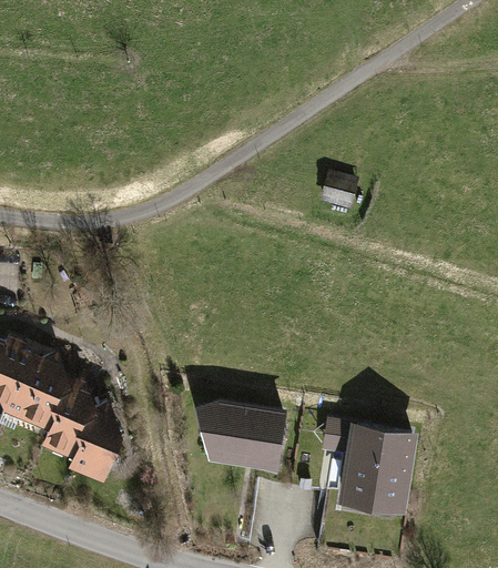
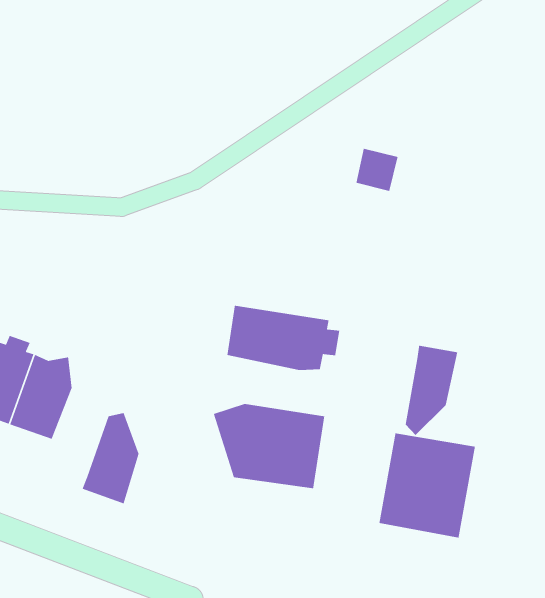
building: none -> [227,305,340,371]
building: none -> [405,345,458,436]
building: [41,377,96,460] -> none

